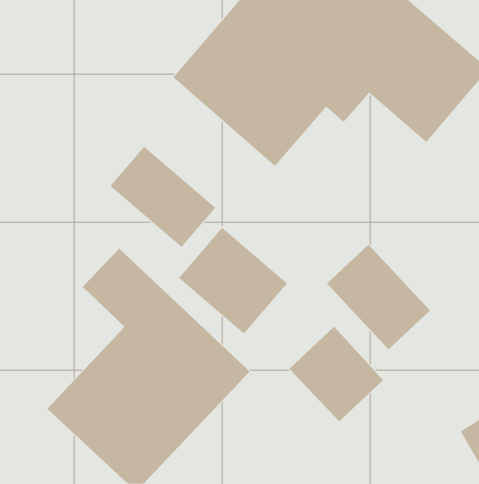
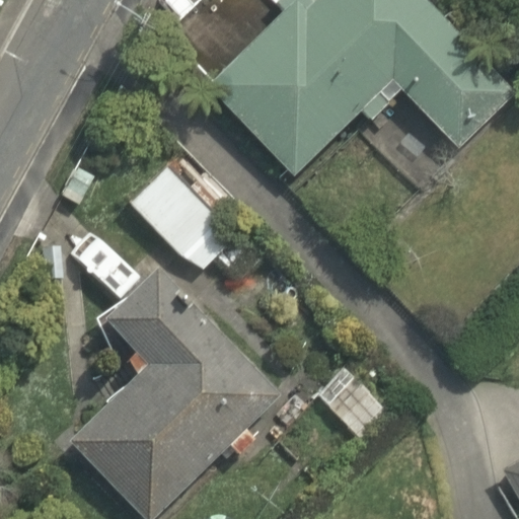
building: [178,227,288,335] -> none
building: [326,244,431,350] -> none

